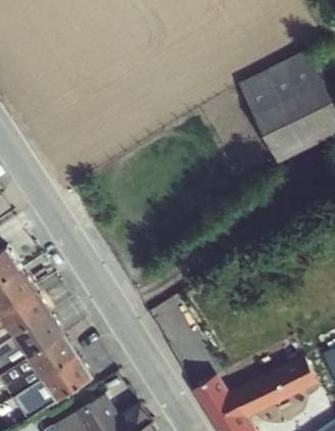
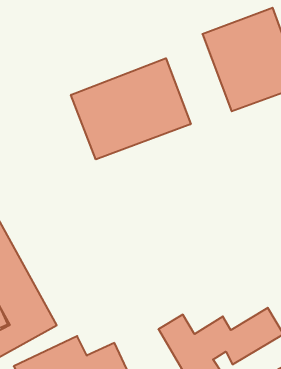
building: none -> [71,58,191,159]

